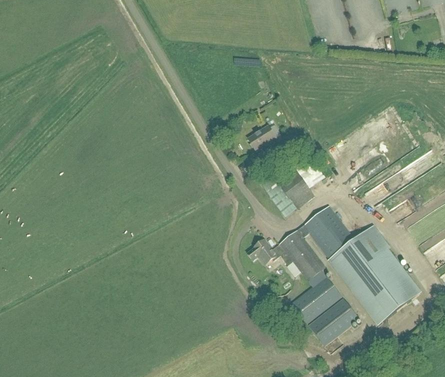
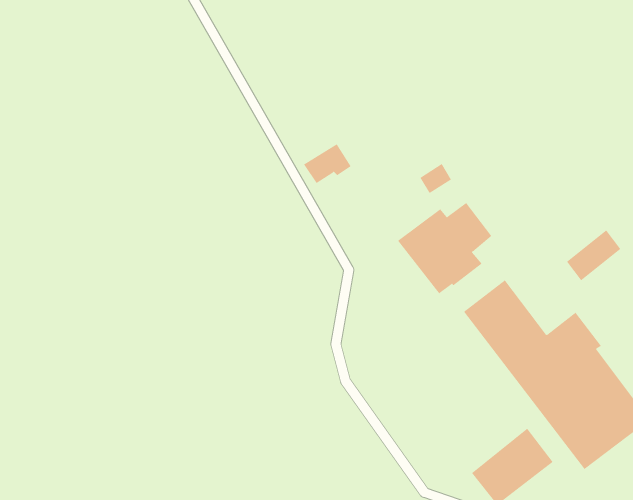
building: [247,125,277,150] -> [303,143,352,184]
building: [247,229,342,323] -> none

